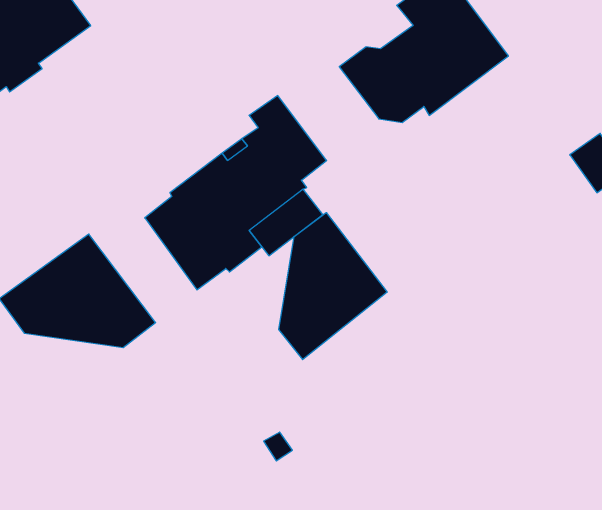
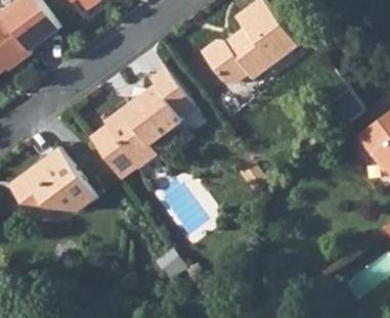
building: [279,213,387,360] -> none

